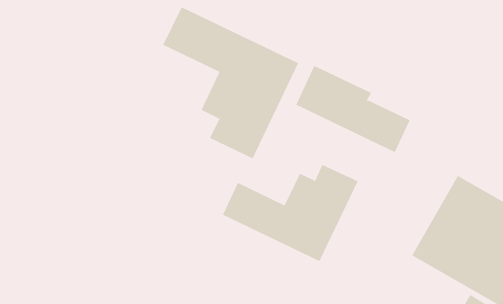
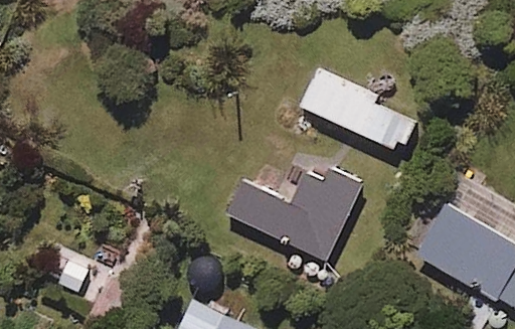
building: [163,7,299,159] -> none

